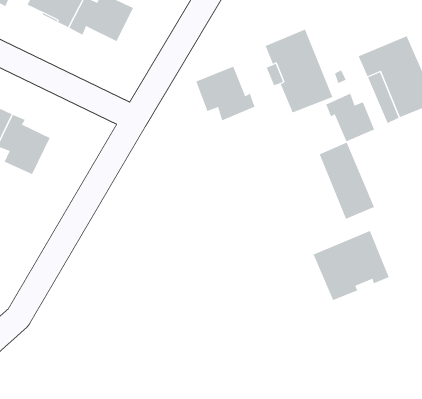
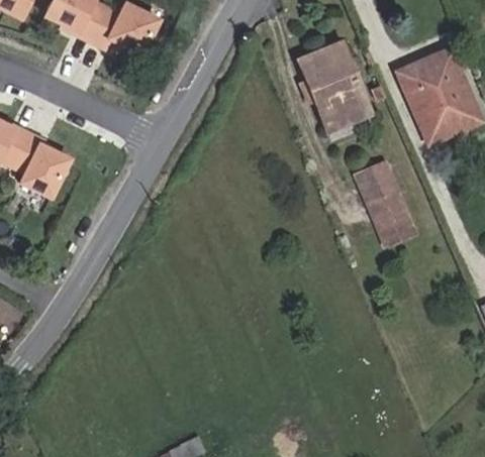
building: [195,66,255,121] -> none
building: [326,93,375,142] -> none
building: [313,230,389,301] -> none

